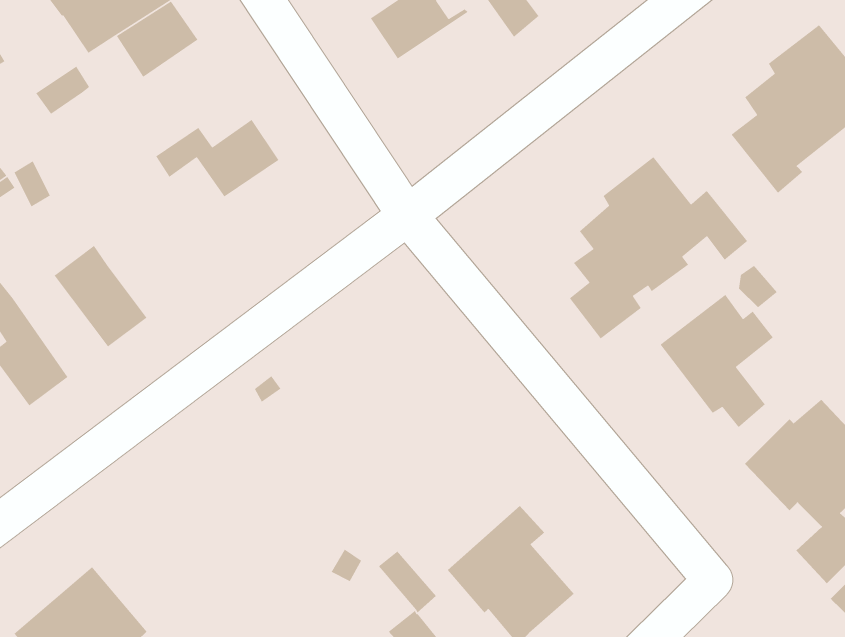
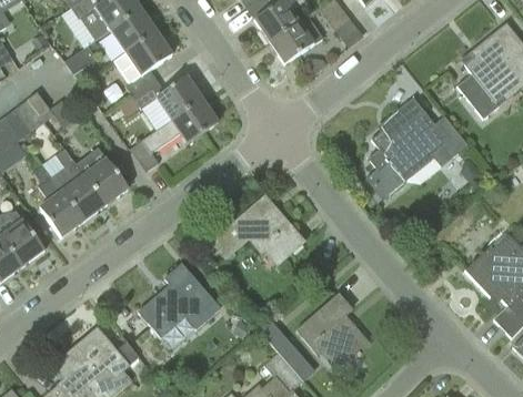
building: none -> [269,17,323,64]
building: none -> [112,32,172,98]
building: none -> [130,100,218,172]
building: none -> [52,149,105,222]
building: [659,294,774,428] -> none
building: none -> [209,194,306,261]
building: none -> [138,264,220,337]

